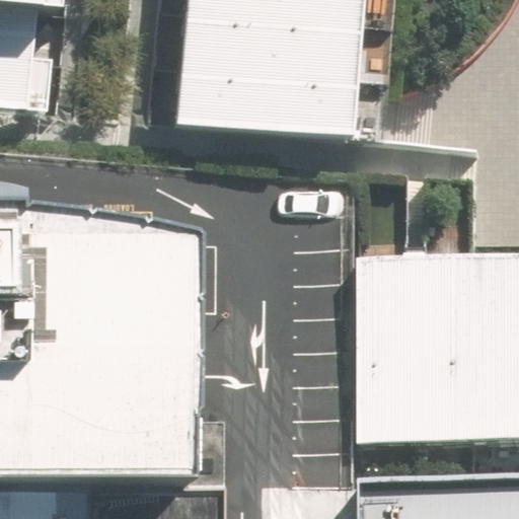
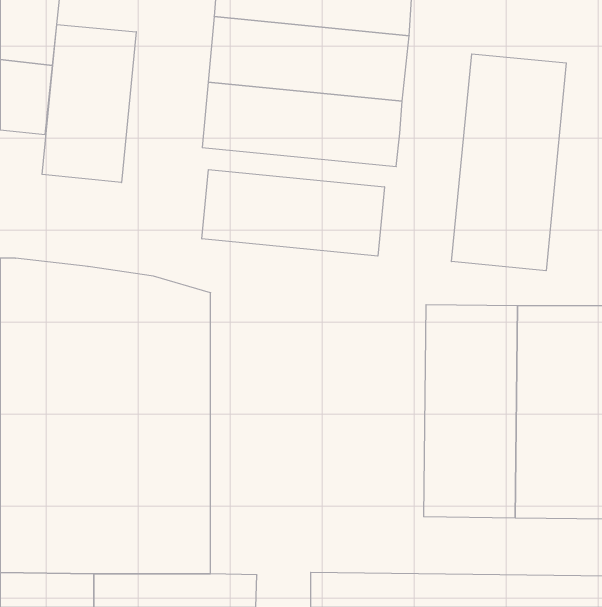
building: none -> [42,24,136,183]
building: none -> [451,54,566,271]
building: none -> [202,170,384,256]

